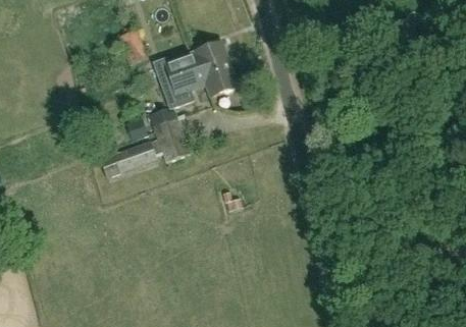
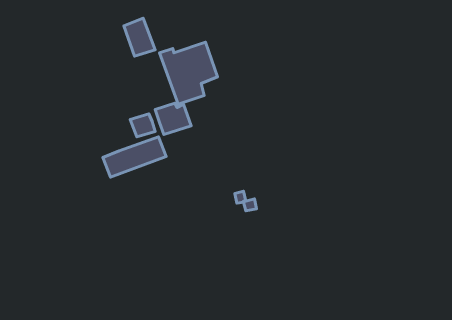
building: [194,40,240,96] -> none
building: [156,129,190,161] -> none

